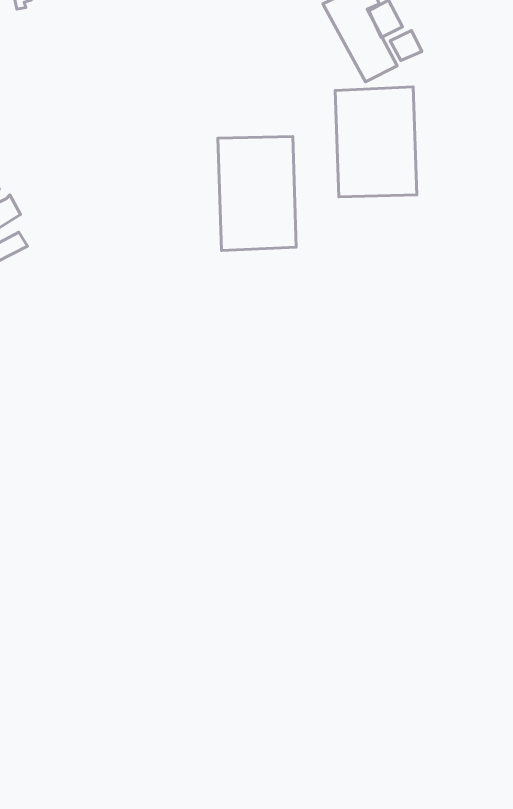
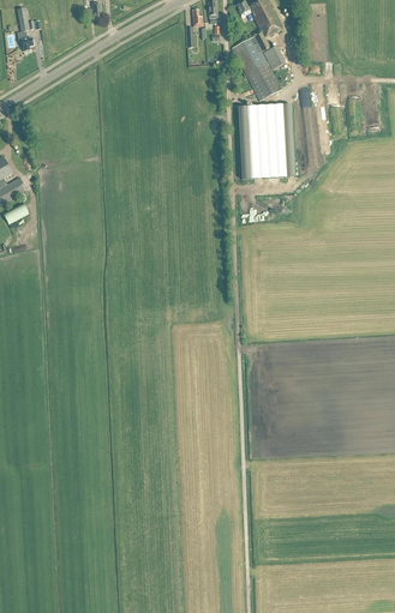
building: [218,137,296,250] -> none

